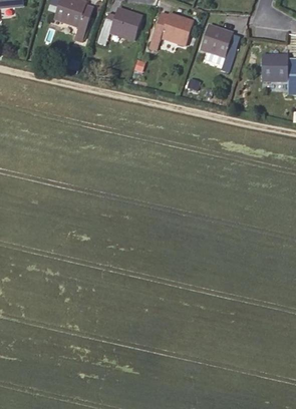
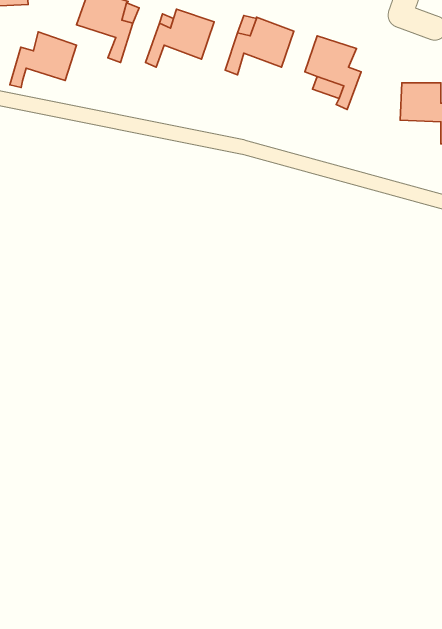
building: none -> [10,32,76,87]

